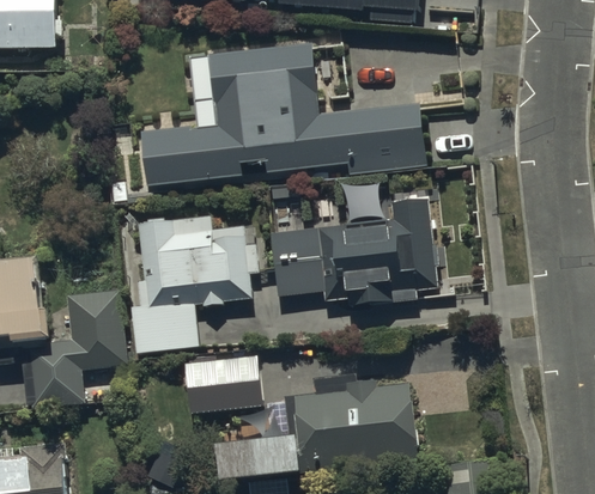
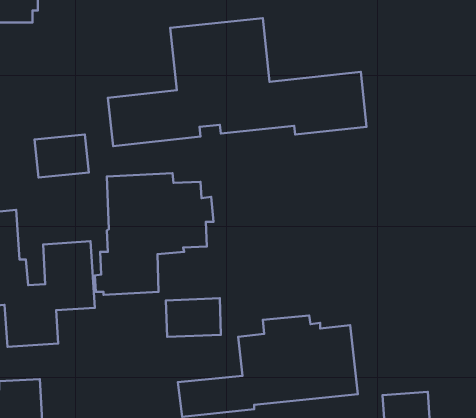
building: none -> [34,135,89,178]
building: [269,201,435,304] -> none

